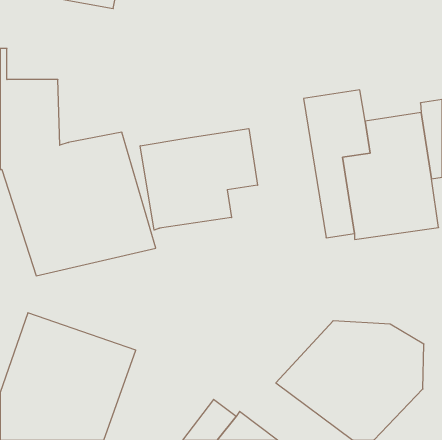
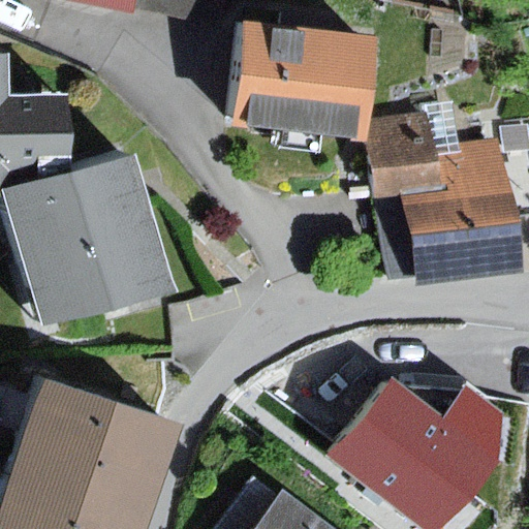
building: none -> [222,9,363,139]
building: [140,129,258,230] -> none

